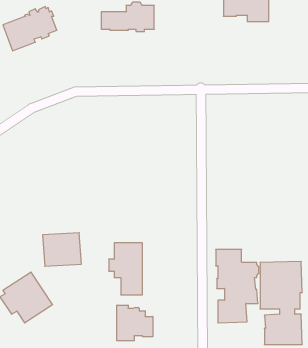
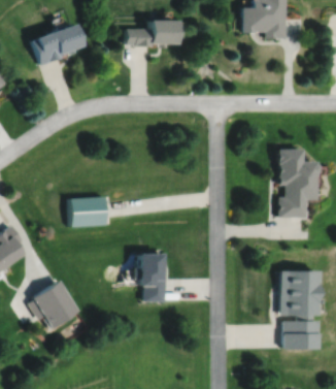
building: [43,233,81,266] -> [70,194,107,226]
building: [216,249,259,323] -> [276,147,317,217]
building: [117,305,153,341] -> none

